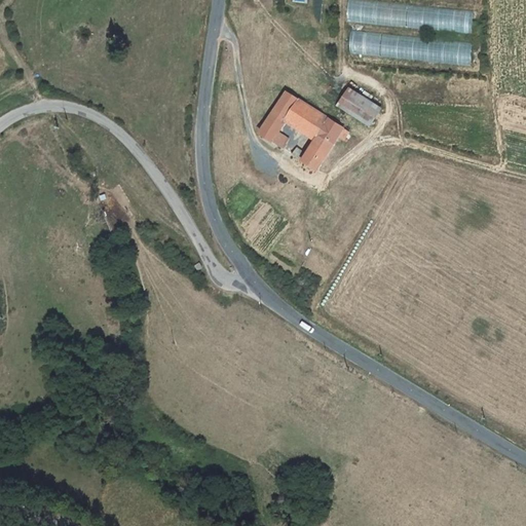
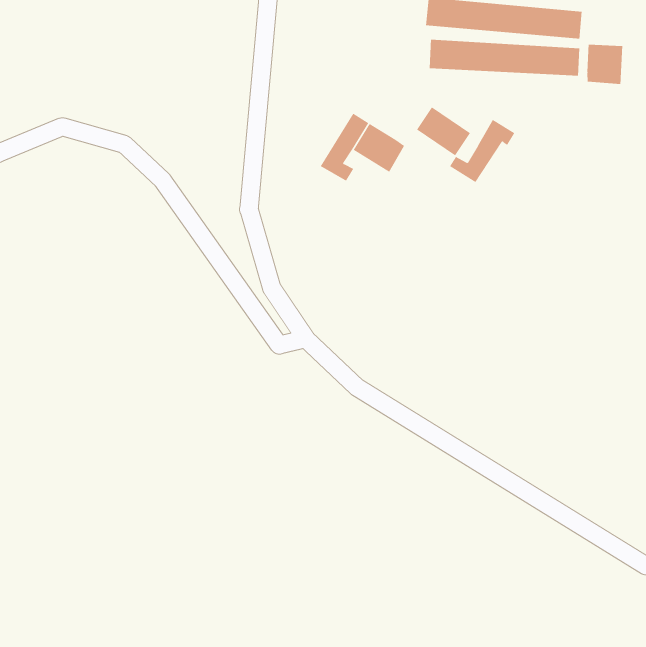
building: none -> [587,44,623,85]
building: [293,118,346,170] -> [449,119,515,183]

